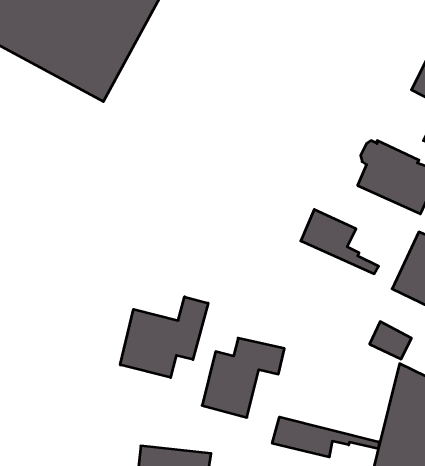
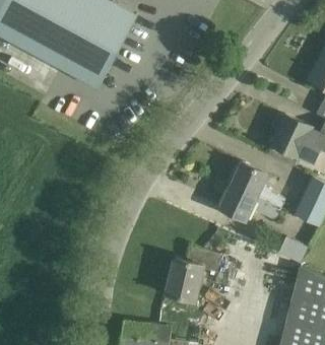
building: none -> [220,183,282,222]
building: [120,297,208,378] -> none
building: [272,417,379,457] -> none

